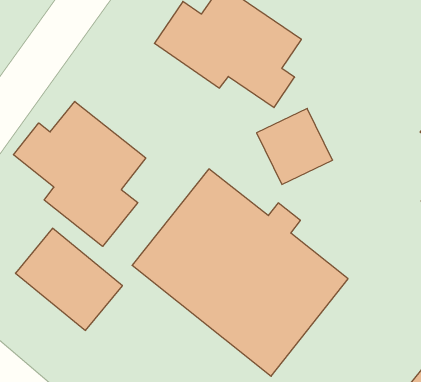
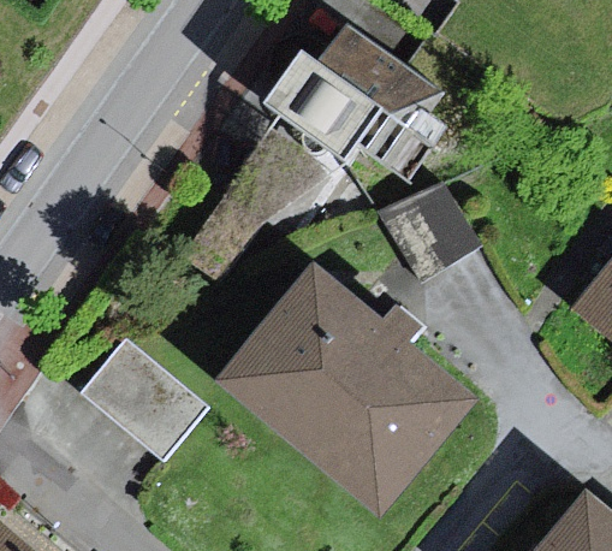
building: [13,101,146,246] -> none

